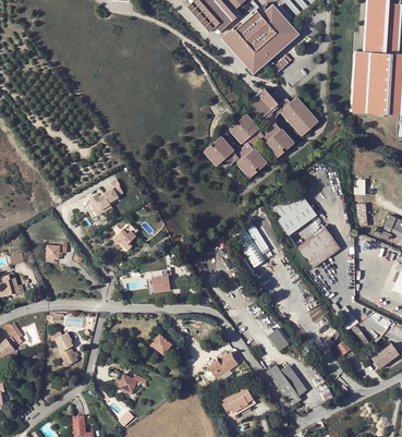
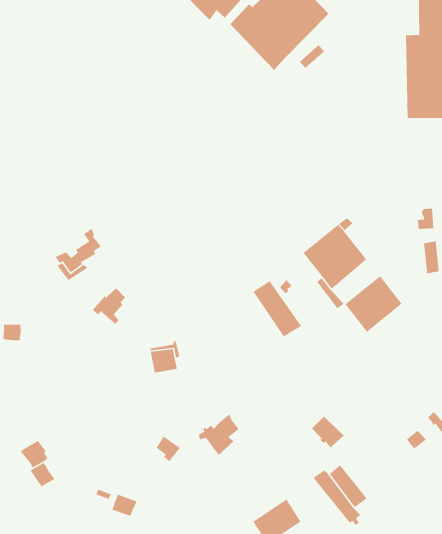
building: [206,89,320,178] -> none
building: [206,352,236,383] -> [198,413,239,456]

